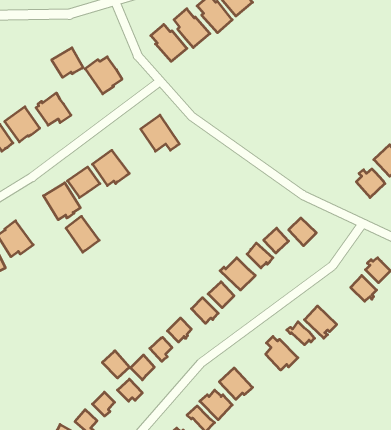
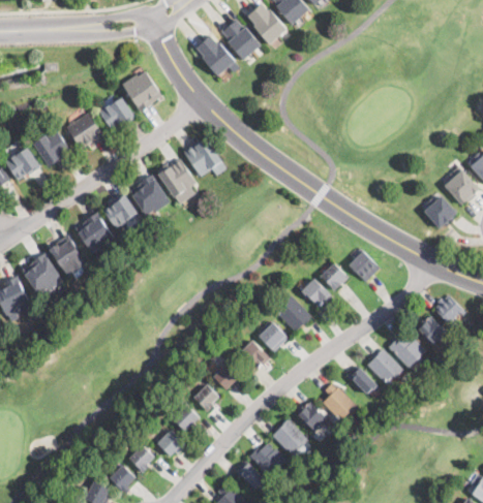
building: [52,48,83,77] -> [99,97,134,130]
building: none -> [158,159,195,203]
building: [66,216,99,252] -> [49,235,86,276]
building: none -> [388,334,425,368]
building: [102,351,129,378] -> none
building: none -> [298,402,326,430]

